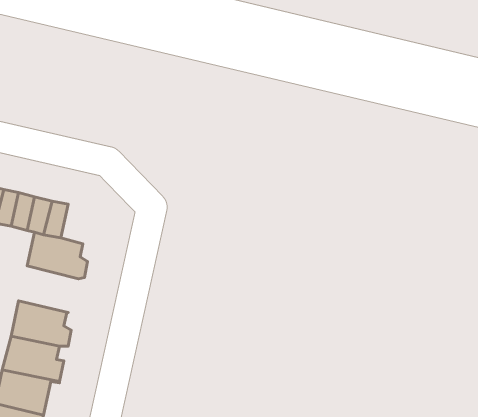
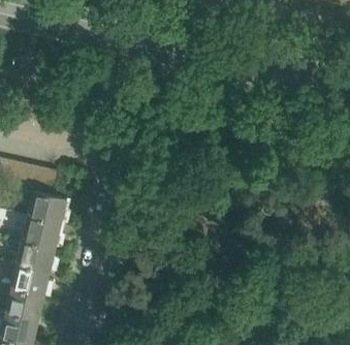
building: none -> [22,215,65,248]

